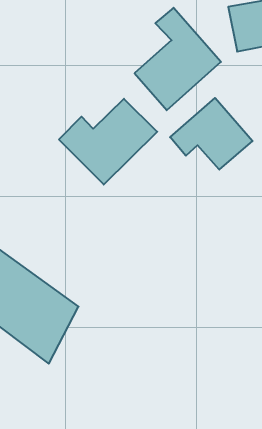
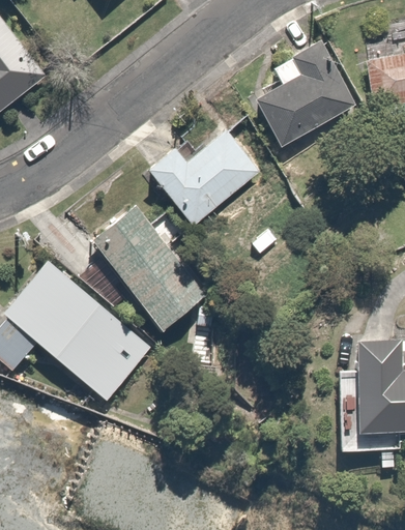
building: [170,98,253,170] -> none
building: none -> [94,210,206,337]

